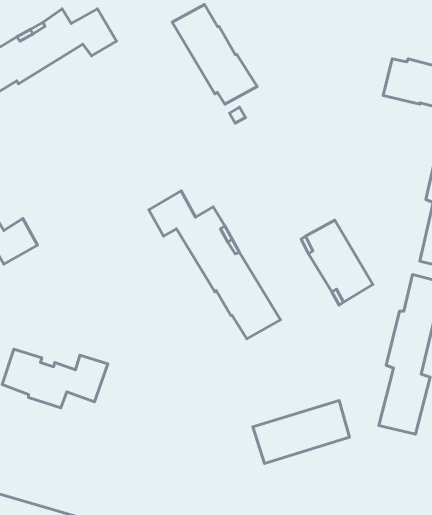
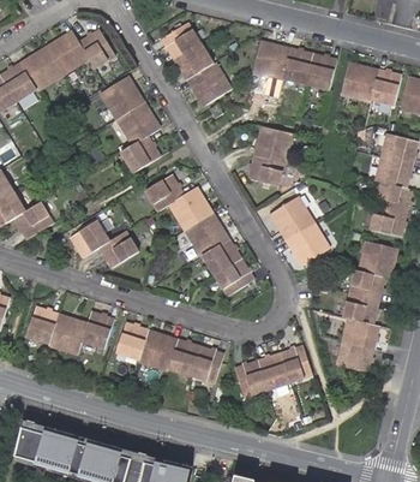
building: none -> [252,46,334,94]
building: none -> [106,77,164,173]
building: none -> [245,130,290,190]
building: none -> [70,221,138,269]
building: none -> [115,323,221,385]

